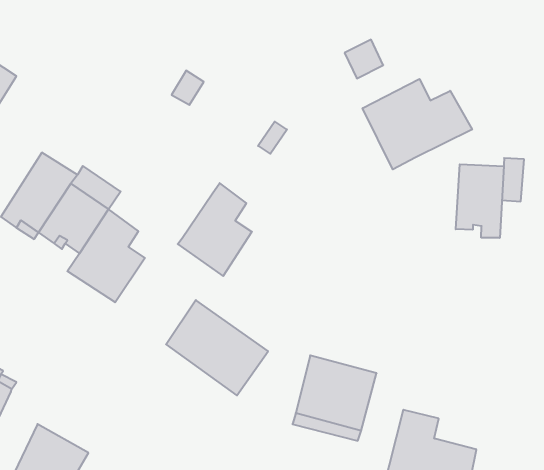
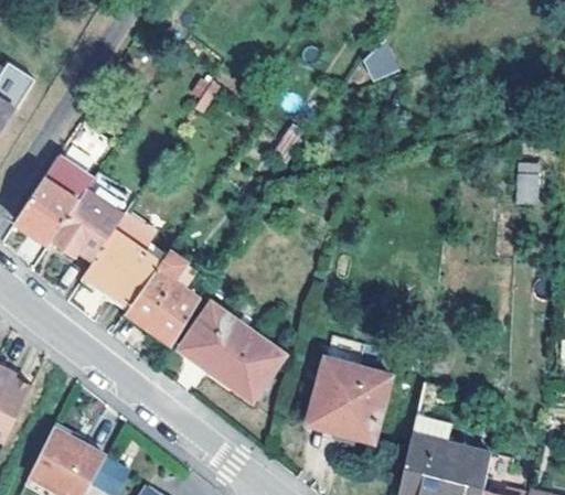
building: [363,79,472,169] -> none
building: [456,164,504,238] -> none
building: [178,183,252,276] -> [126,251,200,344]

